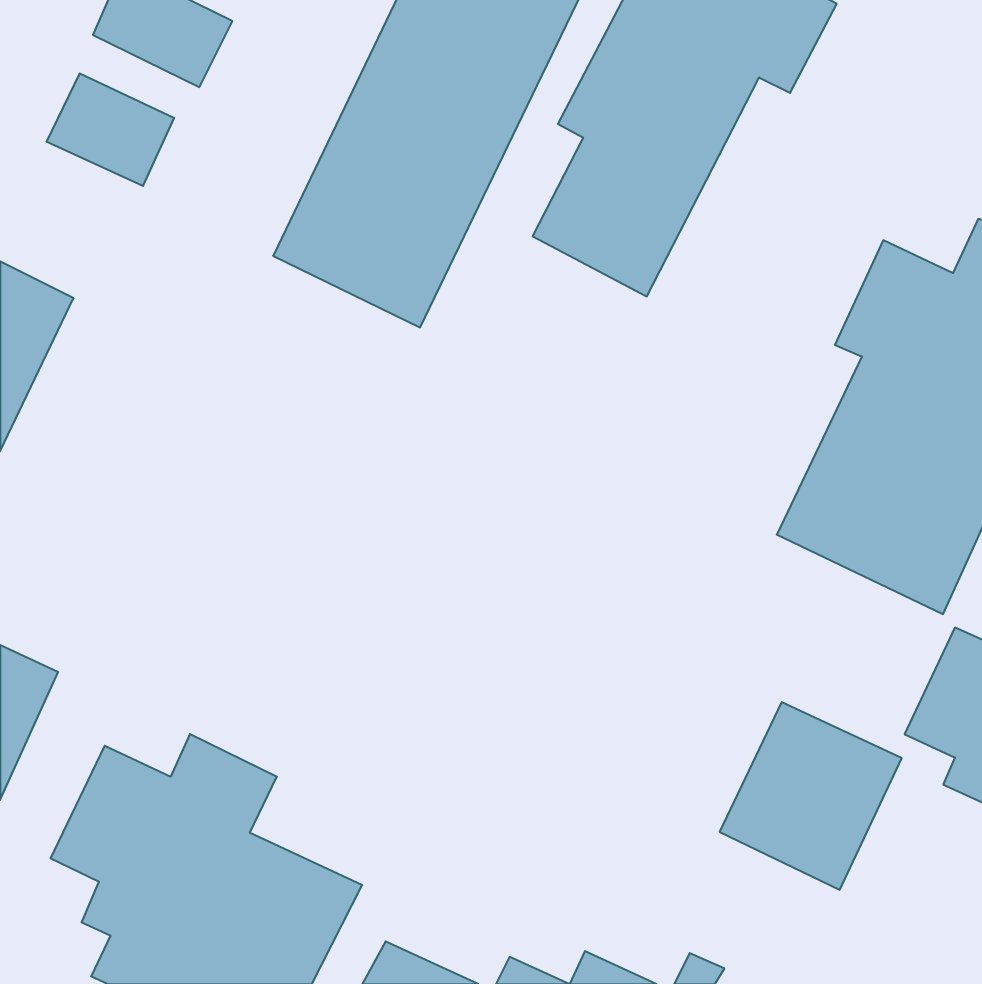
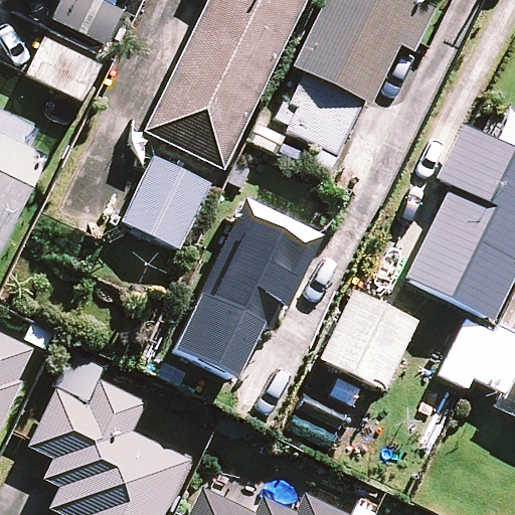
building: none -> [124,157,210,247]
building: none -> [174,199,322,380]
building: [720,702,902,890] -> [322,291,416,388]

